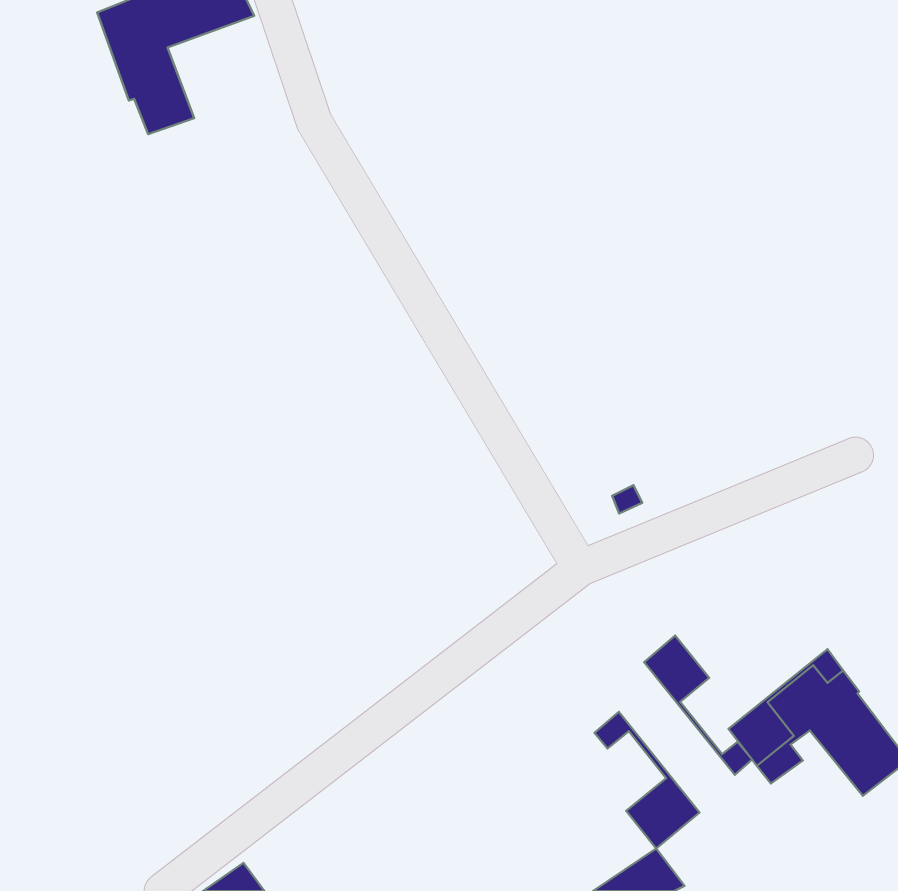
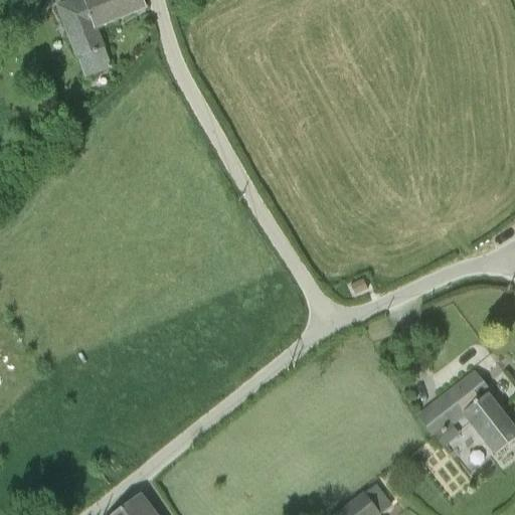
building: [644,635,752,775] -> none
building: [594,712,699,849] -> none

